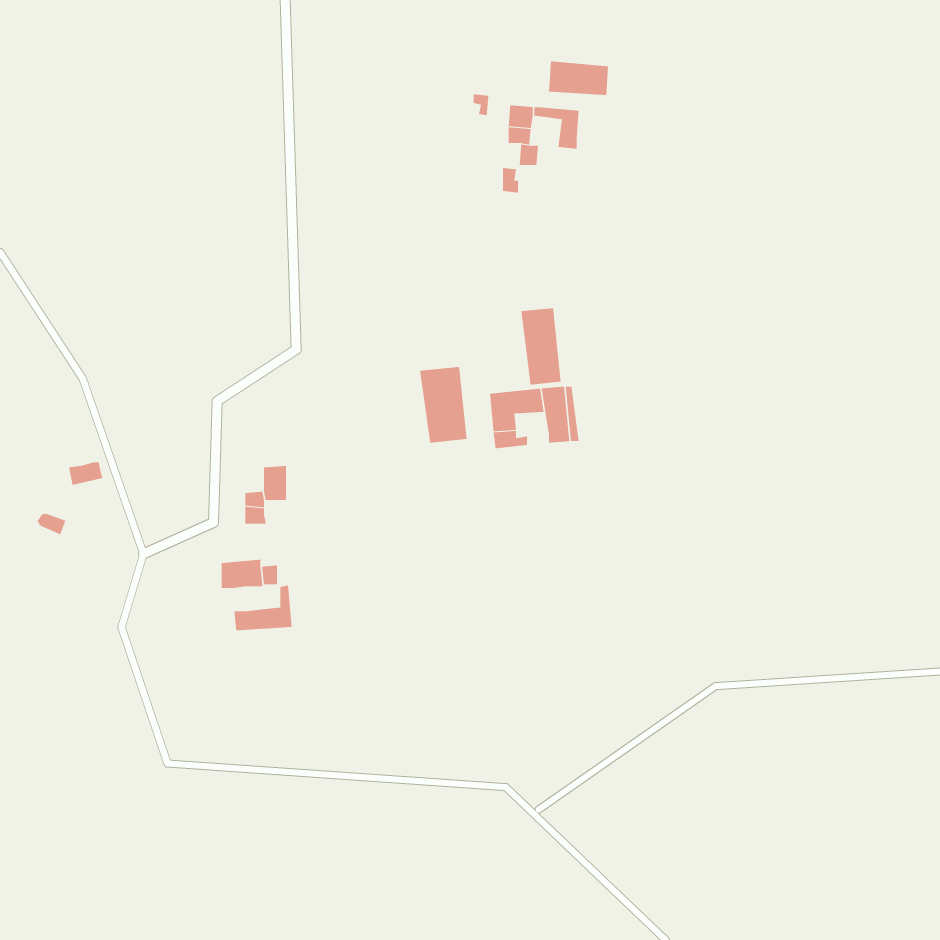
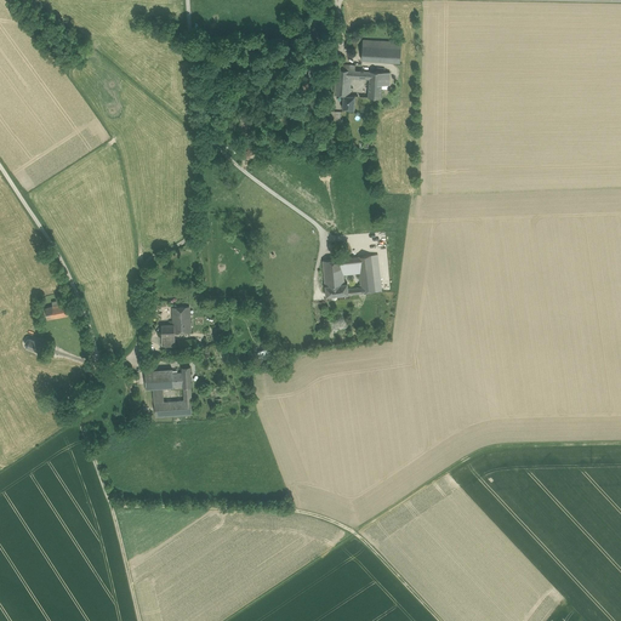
building: [521,308,561,385] -> none
building: [420,366,467,443] -> none

